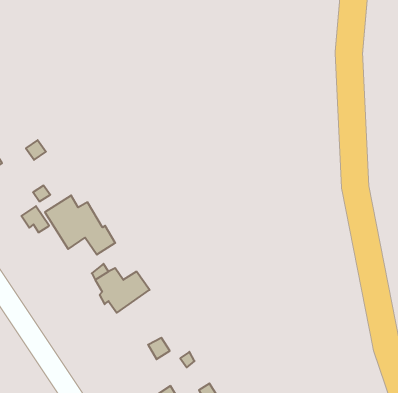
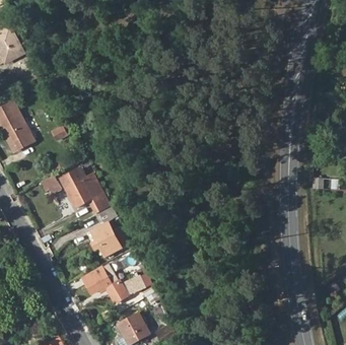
building: none -> [82,264,128,302]

